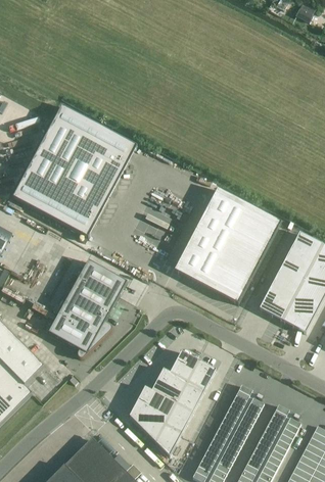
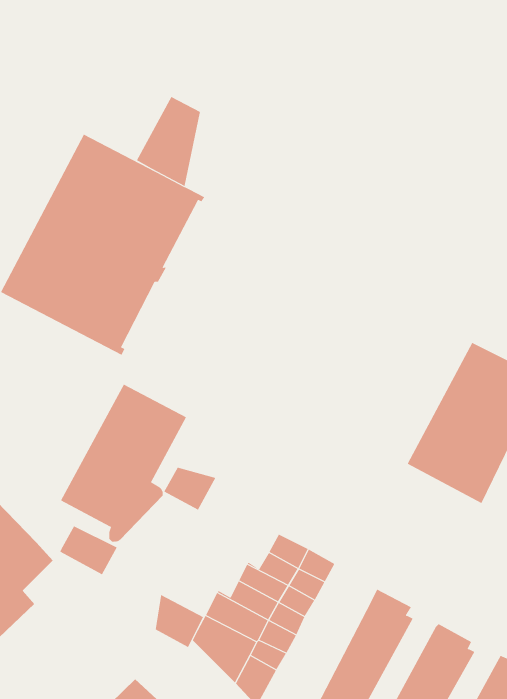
building: none -> [136,96,201,187]
building: [172,188,278,301] -> none
building: none -> [163,467,216,510]
building: none -> [60,526,117,575]
building: none -> [155,594,204,648]

